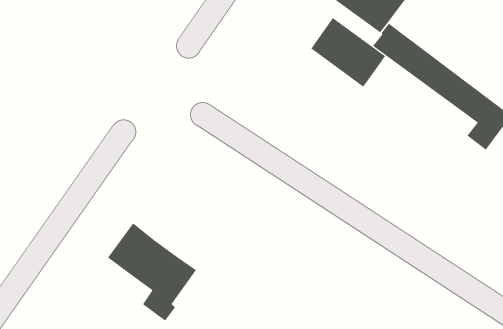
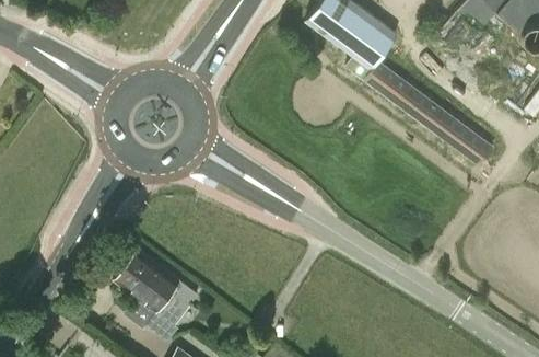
building: [310,17,386,87] -> none

